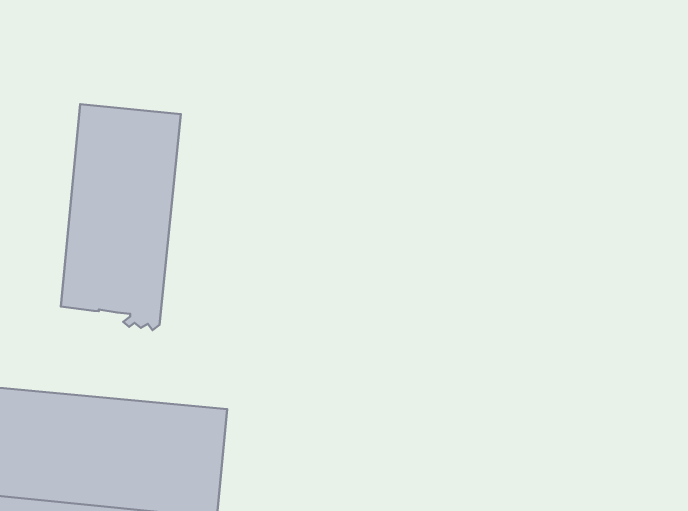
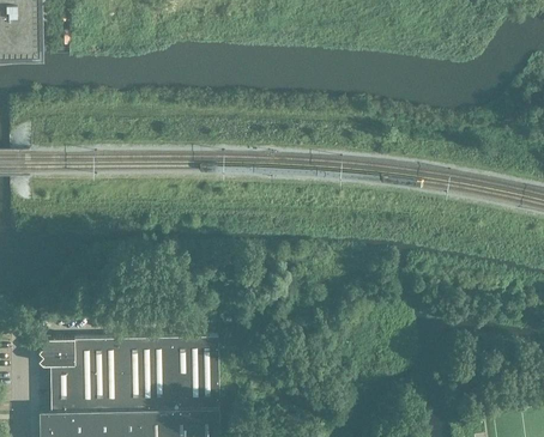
building: [61,104,181,330] -> none

